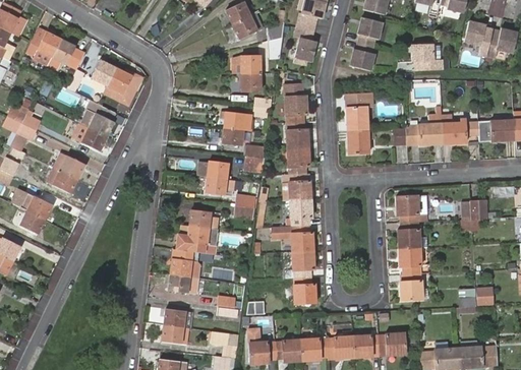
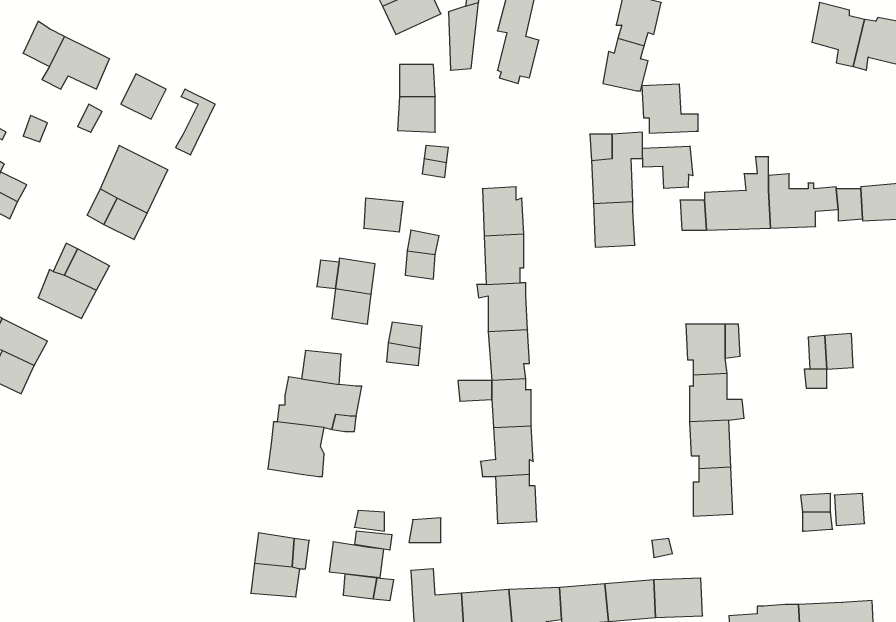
building: [412,43,443,69] -> [642,84,698,133]
building: [104,69,132,97] -> none
building: [284,84,306,123] -> none
building: none -> [642,146,693,188]
building: [223,112,252,132] -> none
building: [168,274,197,294] -> [329,542,384,578]

